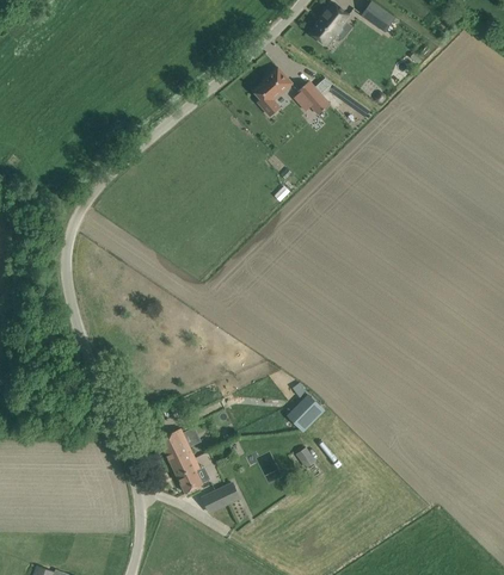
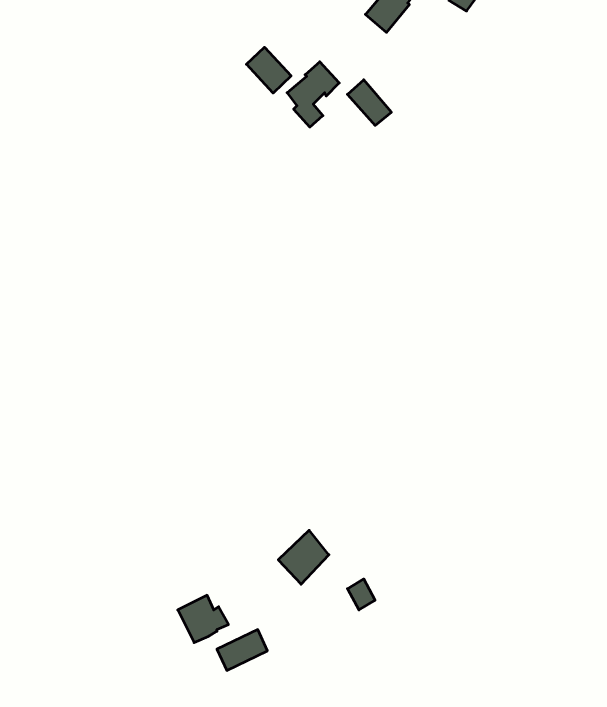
building: none -> [246,47,291,93]
building: [287,394,324,433] -> [278,530,329,584]
building: [159,428,195,469] -> none

